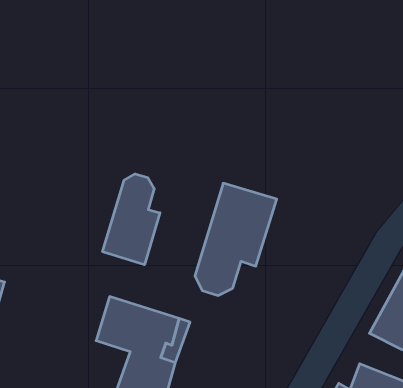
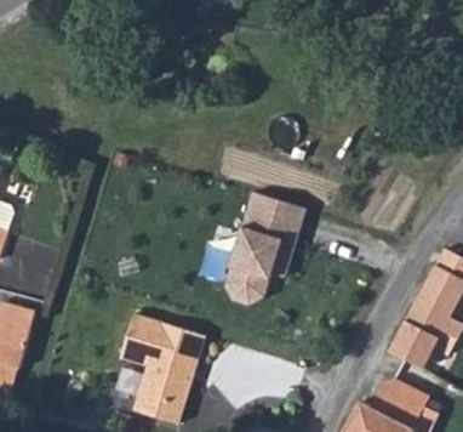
building: [103,174,160,265] -> none

